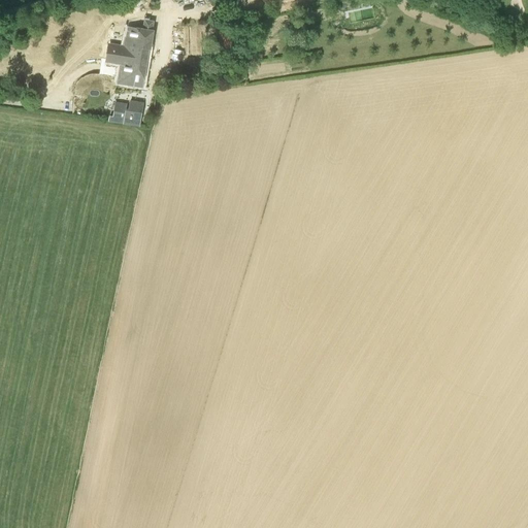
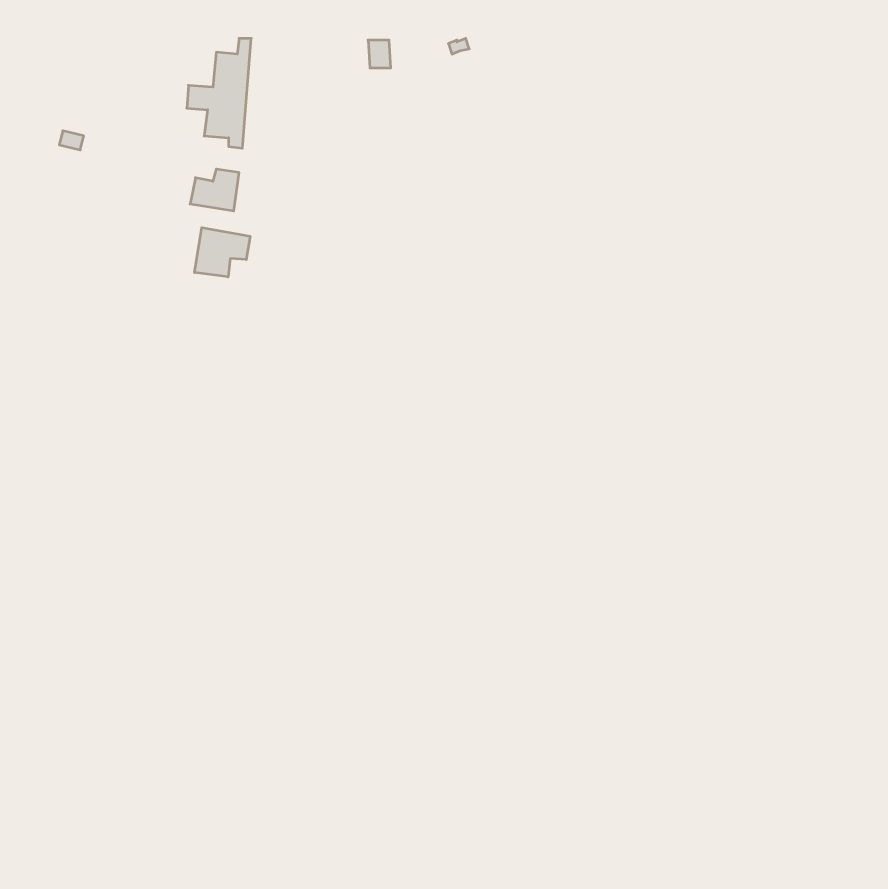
building: none -> [195,228,250,277]

